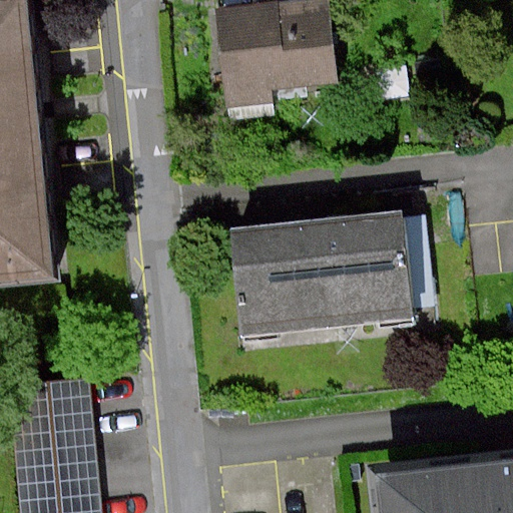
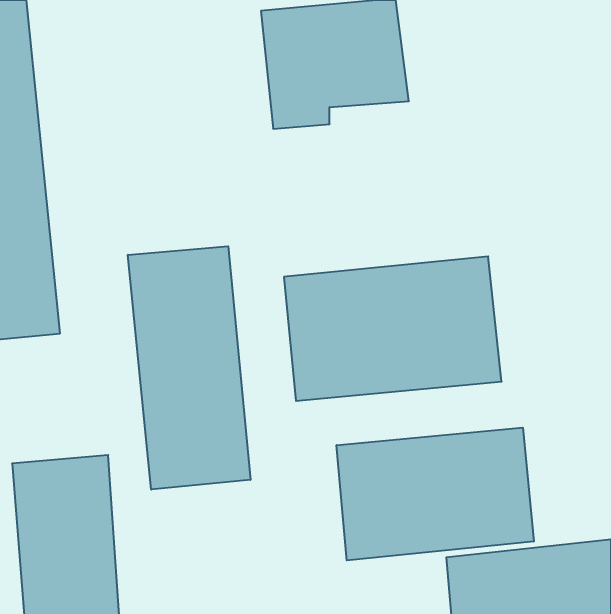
building: none -> [128,246,250,490]
building: none -> [337,428,534,560]

